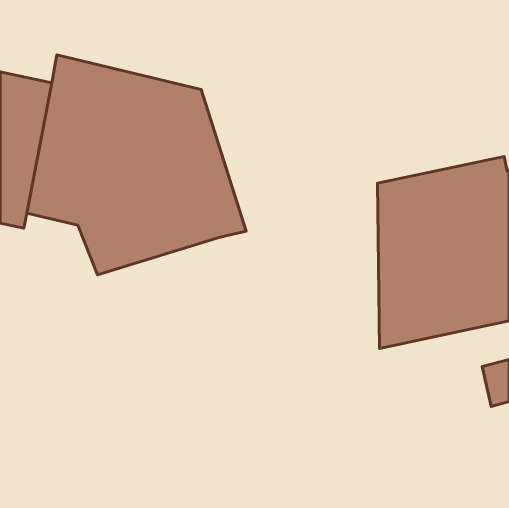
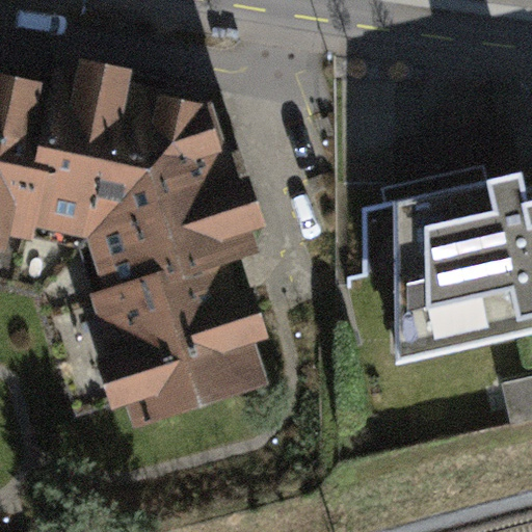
building: none -> [86,248,271,429]

